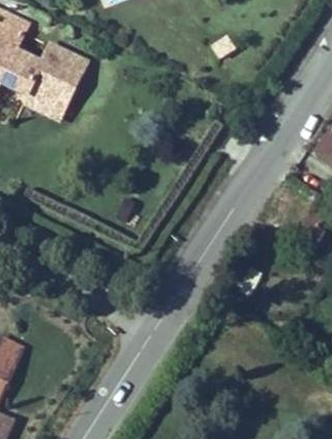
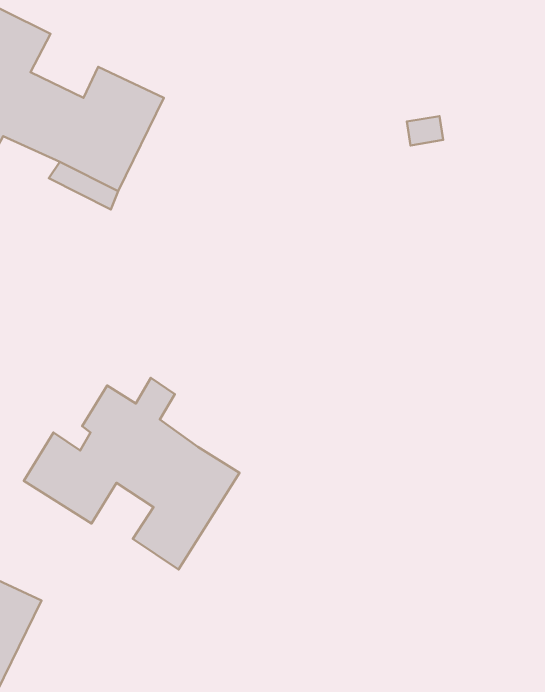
building: none -> [24,378,240,569]

